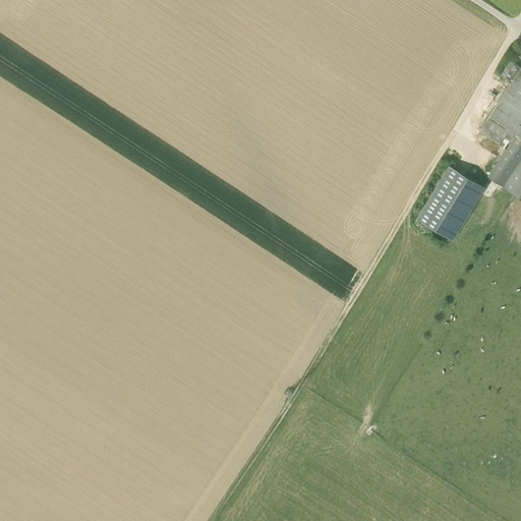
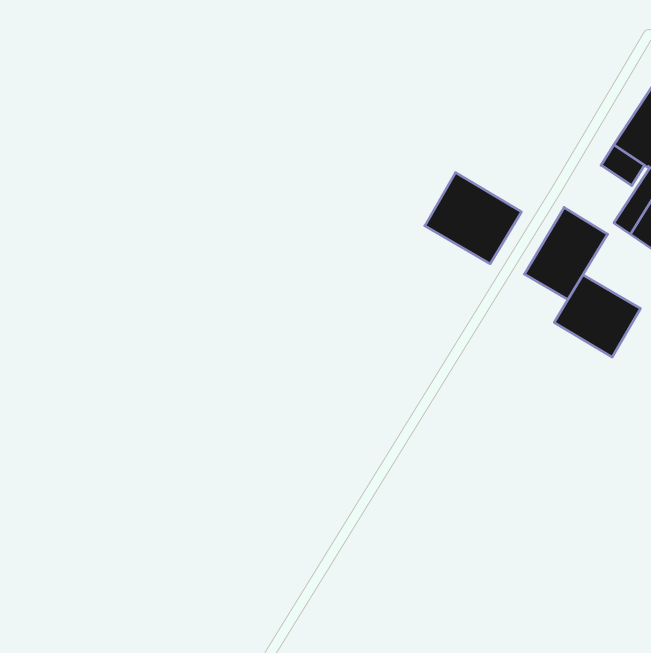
building: none -> [425,173,521,264]
building: none -> [554,275,640,357]

